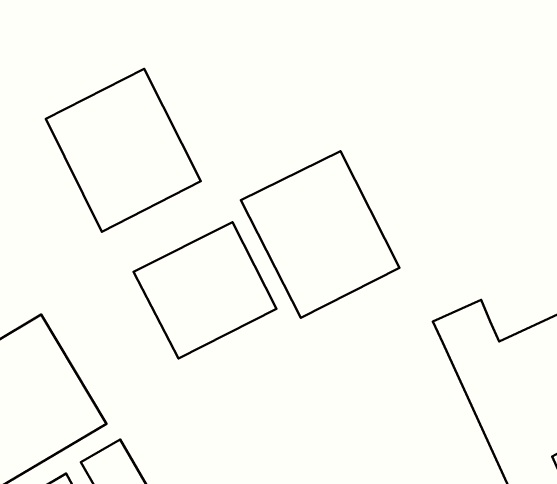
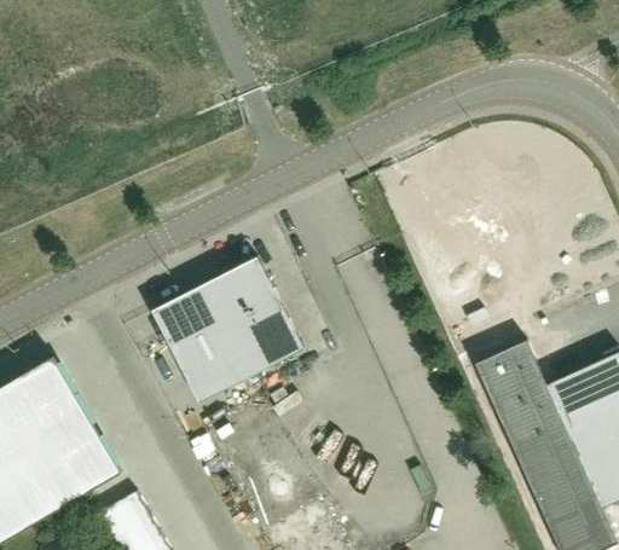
building: [46,69,201,232] -> none
building: [241,151,399,318] -> none

